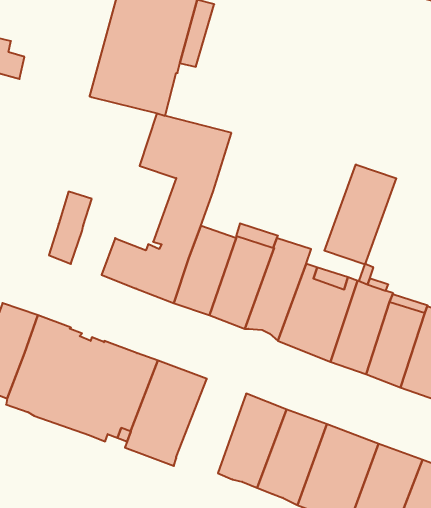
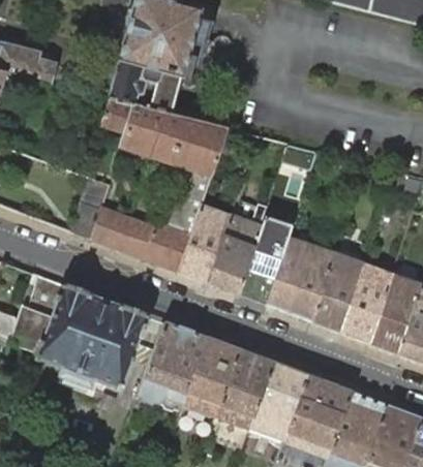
building: none -> [100,98,163,156]
building: [324,164,396,264] -> none
building: none -> [91,207,128,248]
building: none -> [180,336,239,415]

